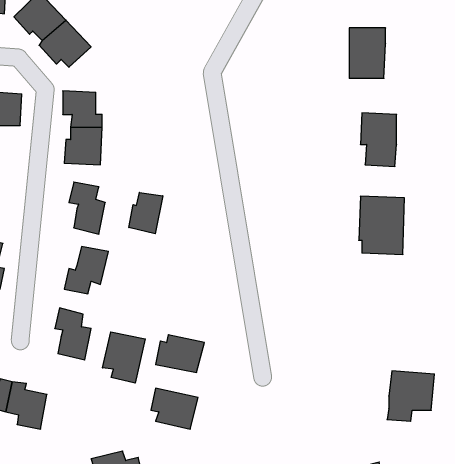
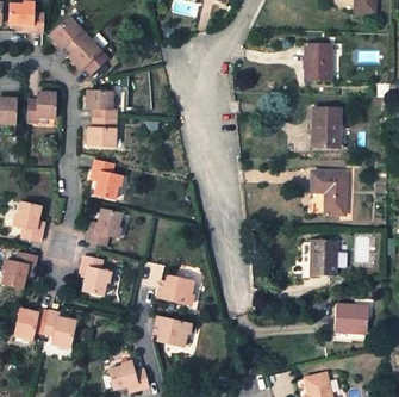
building: [129,192,163,234] -> none
building: none -> [301,238,336,278]
building: [103,332,145,383] -> none

